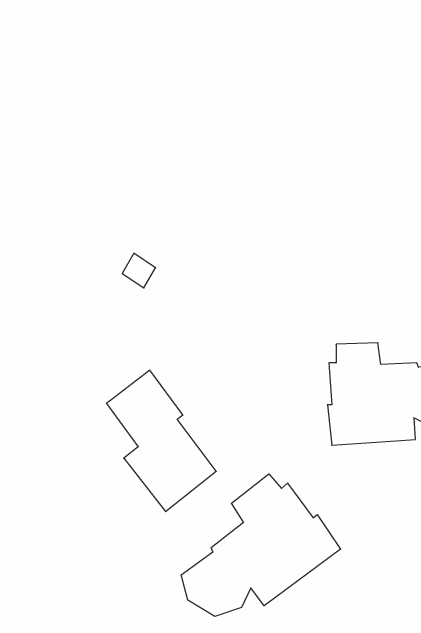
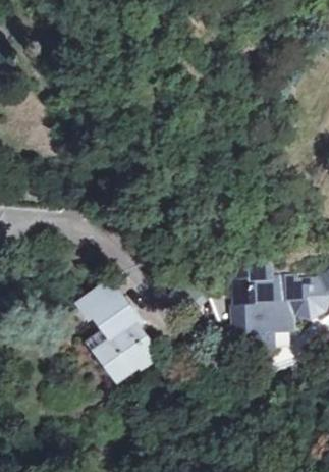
building: [181,474,341,616] -> none

